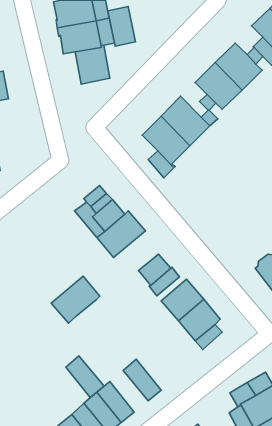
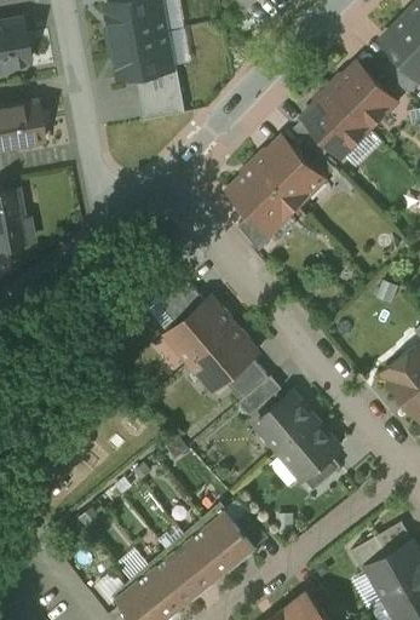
building: [108,7,136,46] -> none
building: [51,276,100,323] -> [190,325,258,390]
building: [66,356,104,398] -> [185,519,238,578]

